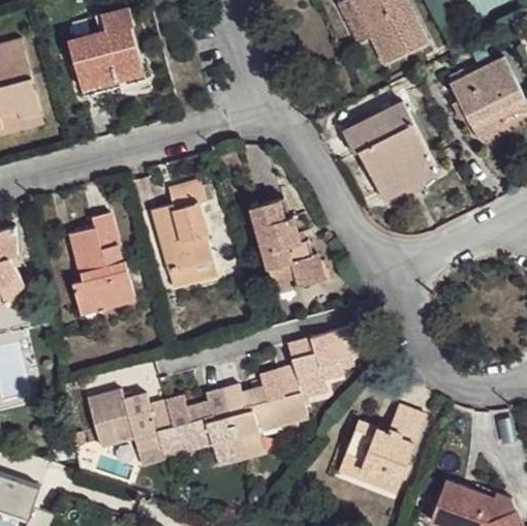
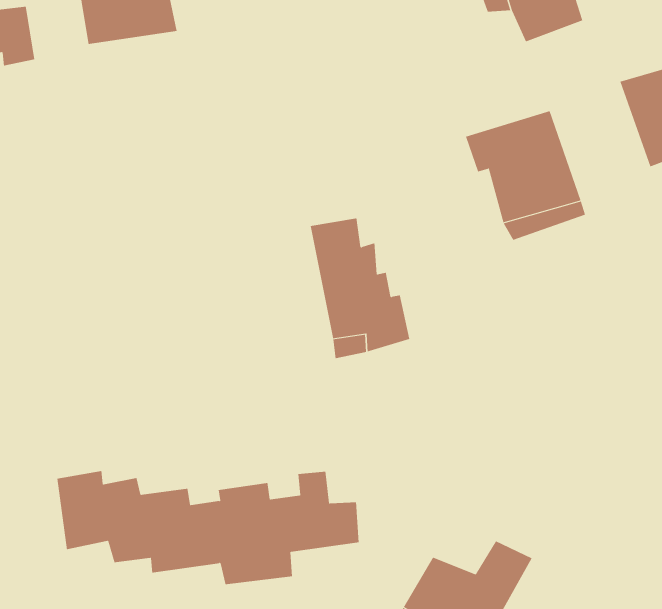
building: [153,188,211,275] -> none
building: [67,215,133,316] -> none
building: [278,324,357,394] -> none

